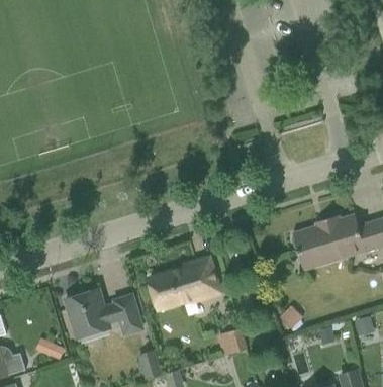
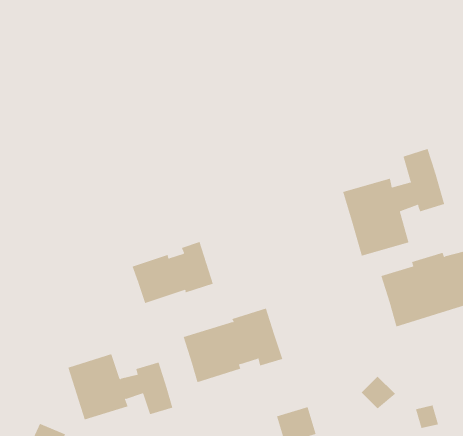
building: none -> [343,148,445,256]
building: none -> [132,241,214,304]

